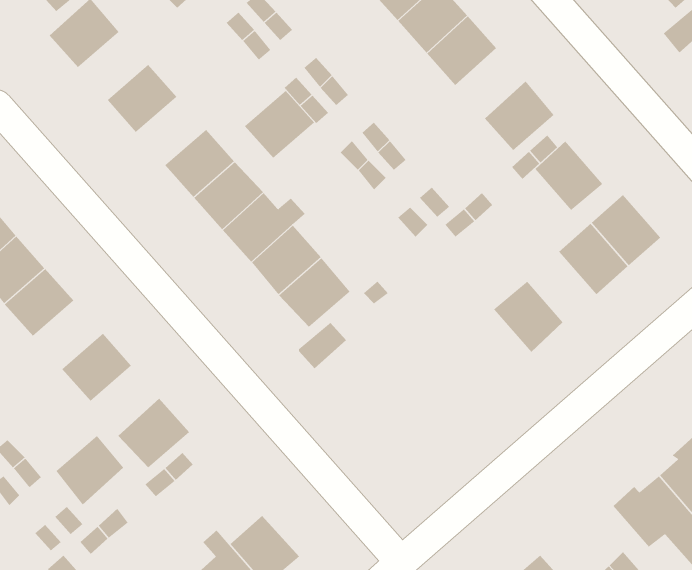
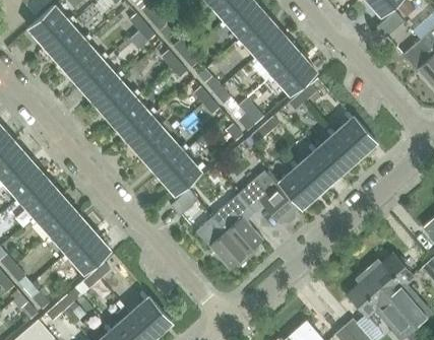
building: none -> [46,26,85,65]
building: none -> [258,36,298,75]
building: [244,90,315,159] -> [78,63,118,101]
building: [535,140,603,211] -> [299,150,337,190]
building: none -> [195,172,298,269]
building: none -> [20,178,60,216]
building: [55,435,124,506] -> [53,214,91,254]

